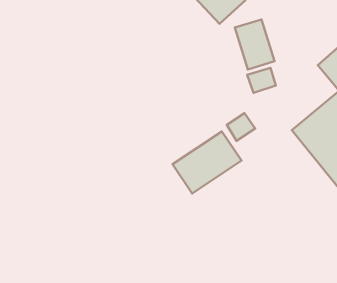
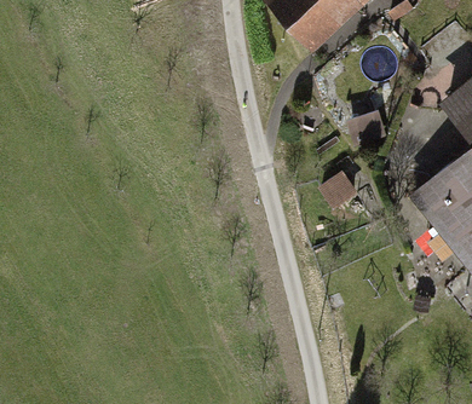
building: [235,19,274,69] -> none
building: [173,131,241,193] -> none

